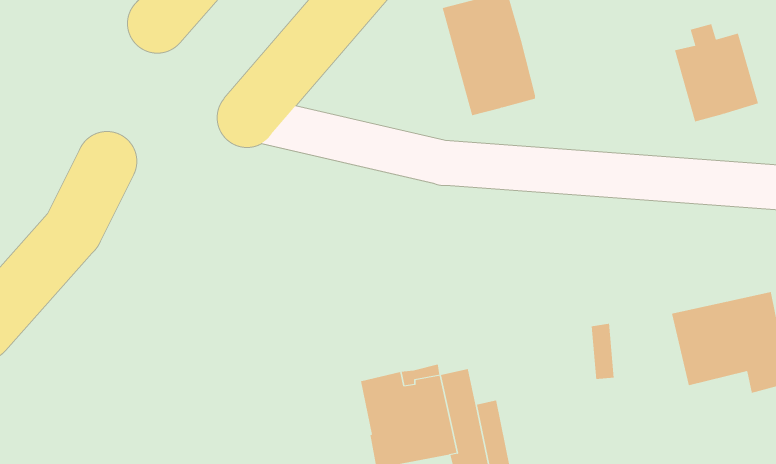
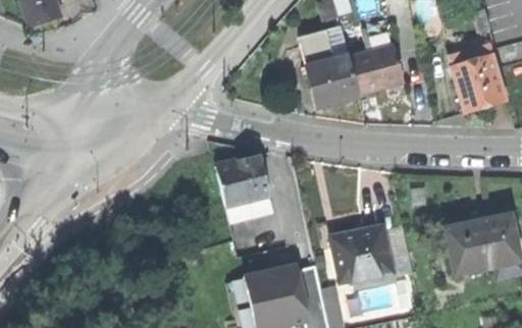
building: none -> [350,40,403,88]
building: none -> [218,156,271,222]
building: none -> [331,227,396,287]

